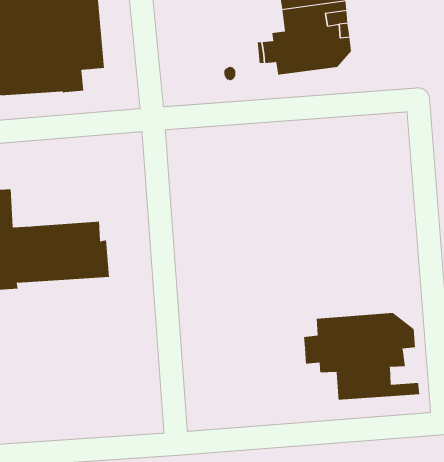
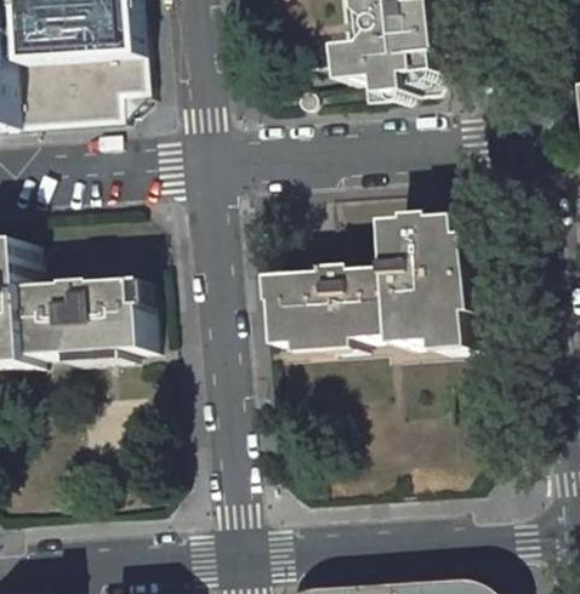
building: none -> [269,212,472,345]
building: [304,312,420,401] -> none

